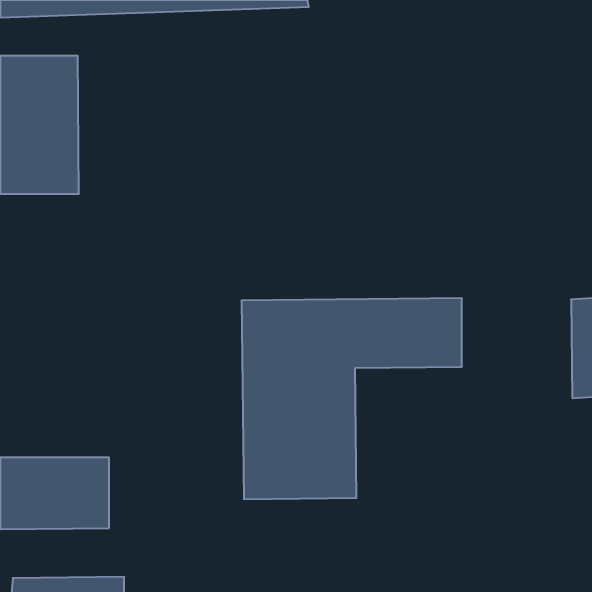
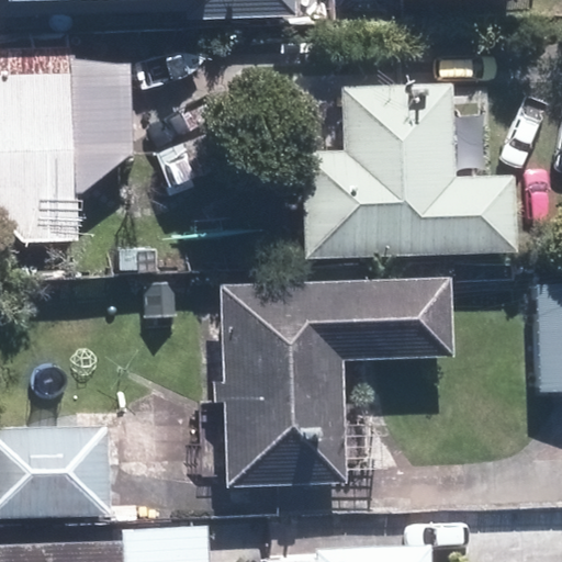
building: none -> [315,90,499,241]

